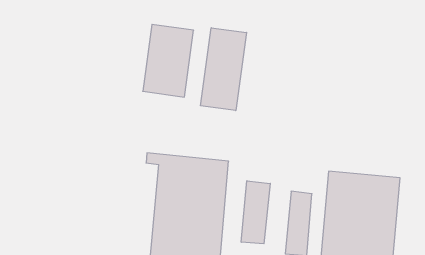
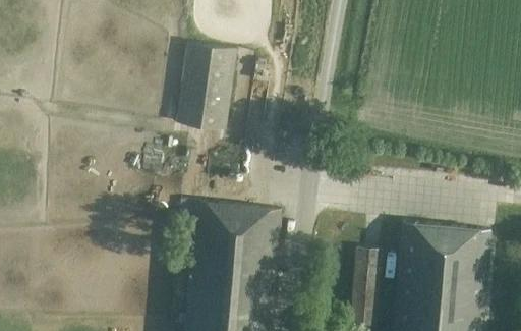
building: [201,28,247,111] -> none
building: [241,181,270,244] -> none

